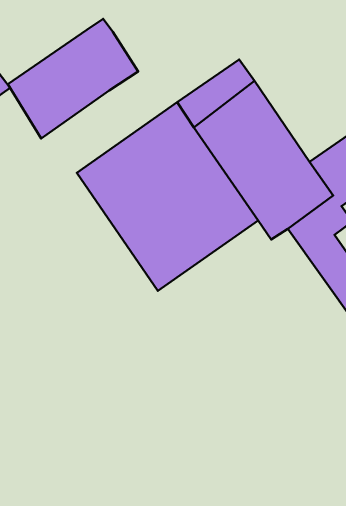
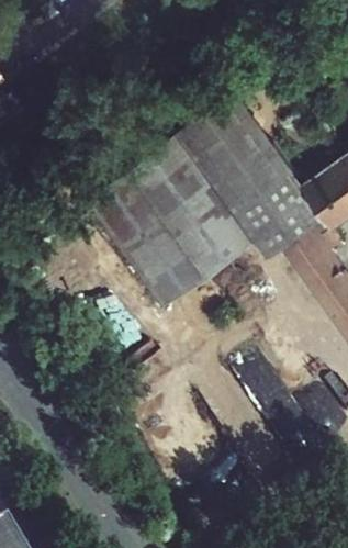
building: [8,19,138,138] -> none

